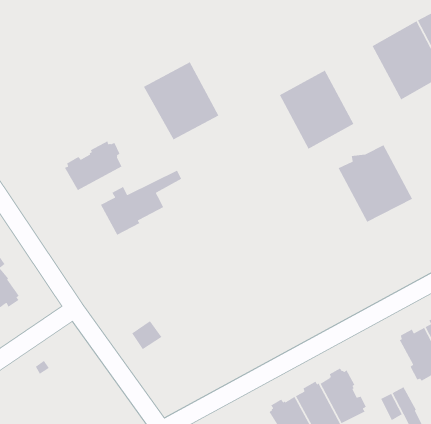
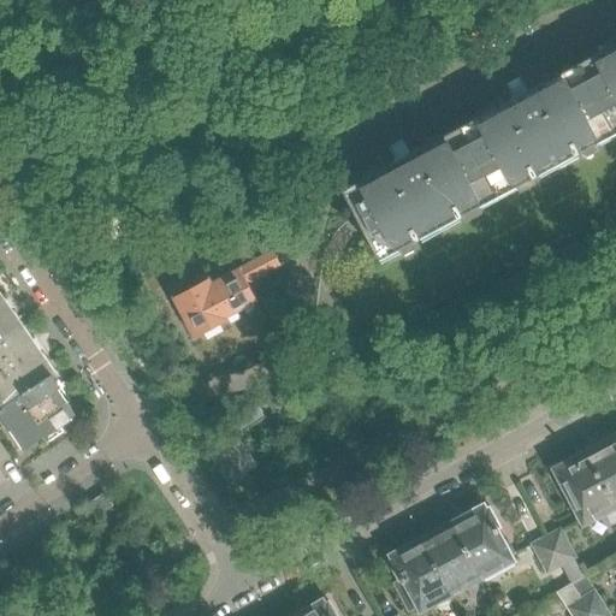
building: [143,61,220,141] -> [342,159,439,260]
building: [64,140,123,191] -> none
building: [337,144,413,223] -> [461,96,557,196]

